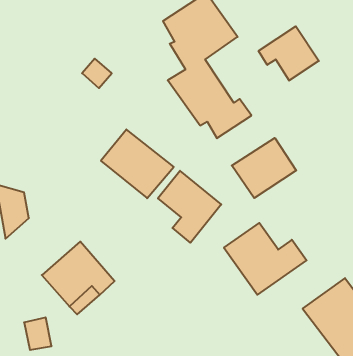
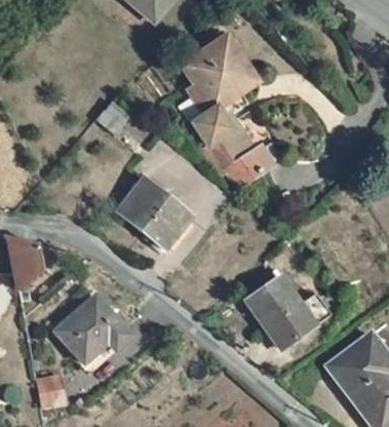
building: [259,26,319,81] -> none
building: [232,138,296,198] -> none
building: [158,171,221,243] -> none

